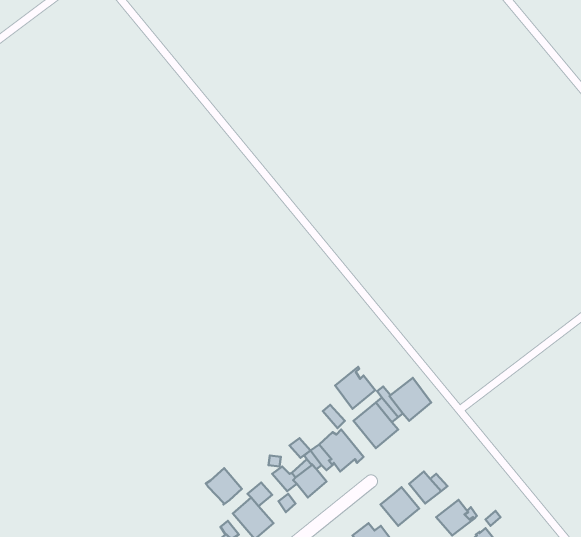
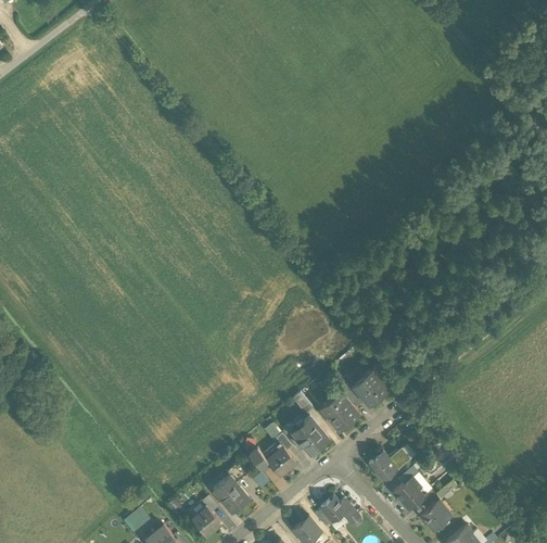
building: [335,367,375,409] -> none
building: [206,468,242,504] -> none
building: [381,487,419,526] -> none

